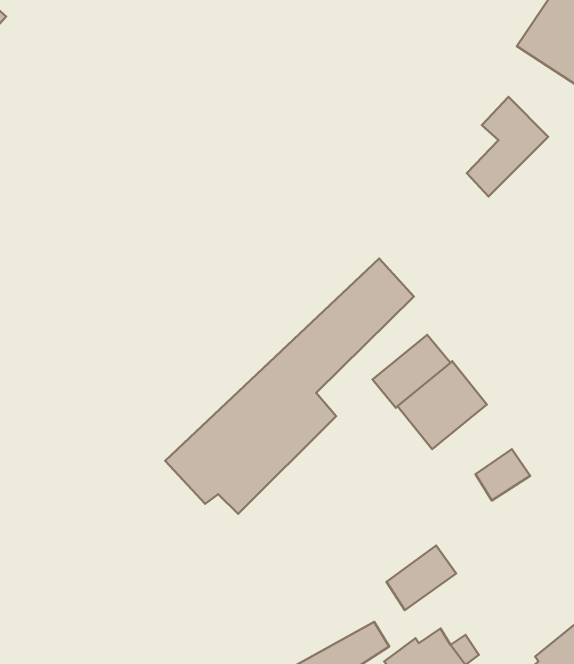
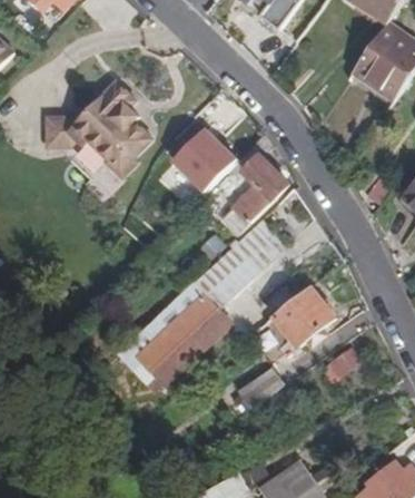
building: none -> [62,81,148,182]
building: [467,97,548,196] -> [231,155,286,222]
building: none -> [171,123,241,193]
building: [386,545,456,610] -> [238,365,285,409]

